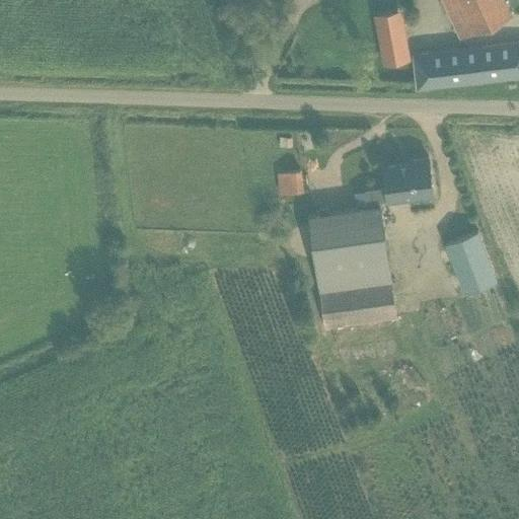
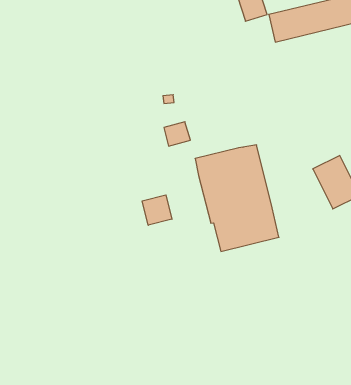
building: [363,157,432,207] -> none
building: none -> [142,195,172,225]

